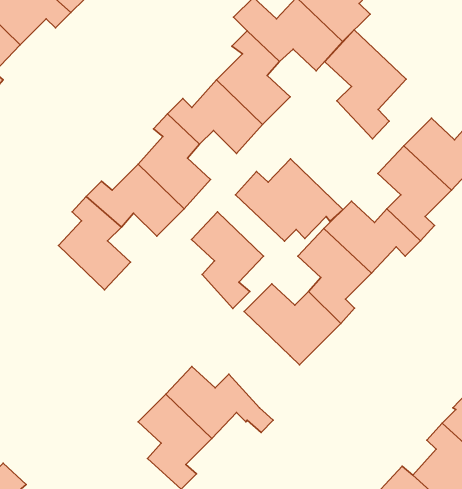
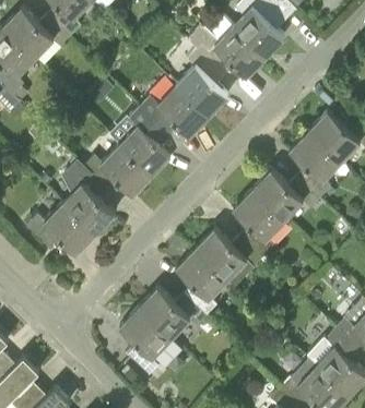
building: [325,30,406,139] -> none
building: [235,159,343,241] -> none
building: [191,212,264,308] -> [176,250,227,319]
building: none -> [26,203,95,255]

